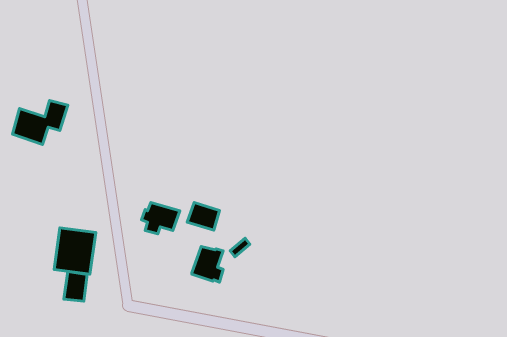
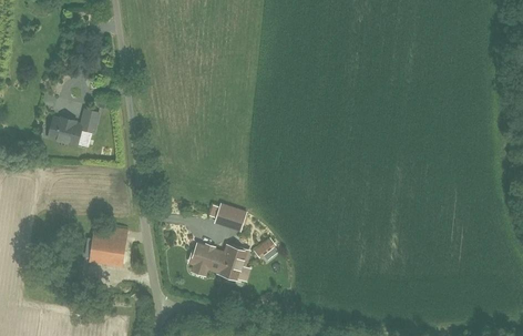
building: [142,203,180,234] -> [188,244,225,274]
building: [64,272,87,301] -> none

